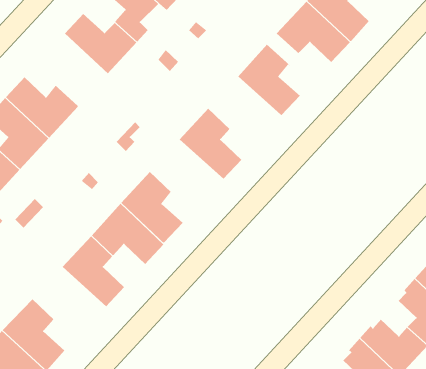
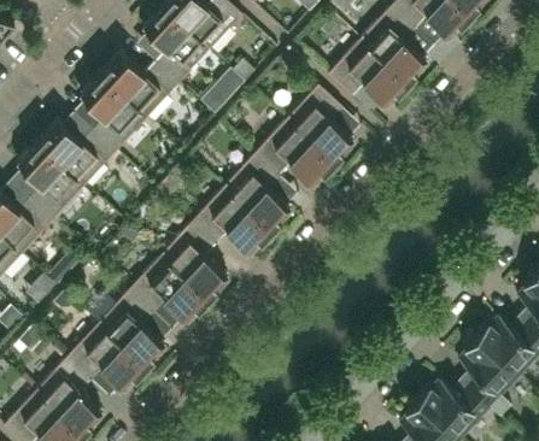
building: none -> [78,72,146,152]
building: none -> [253,120,334,186]
building: none -> [191,188,271,253]
building: none -> [65,324,146,389]

